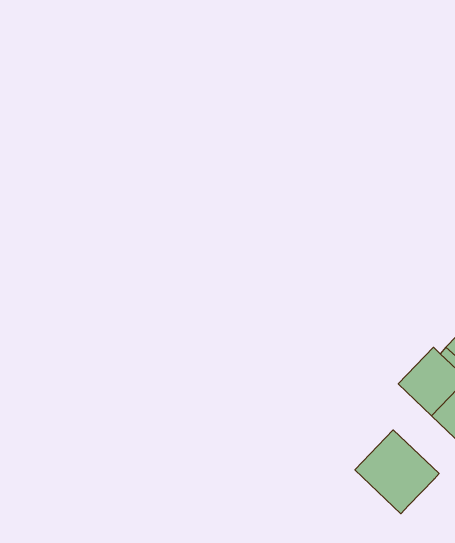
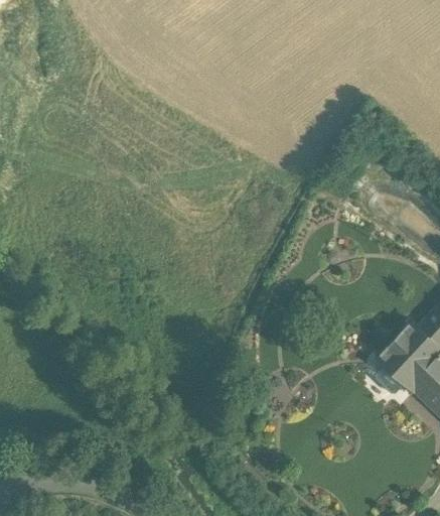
building: [355,430,439,514] -> none

